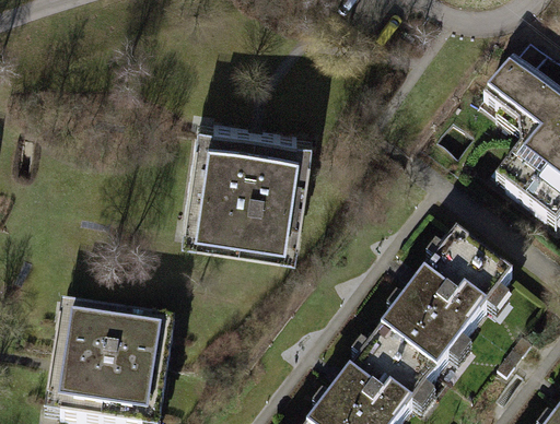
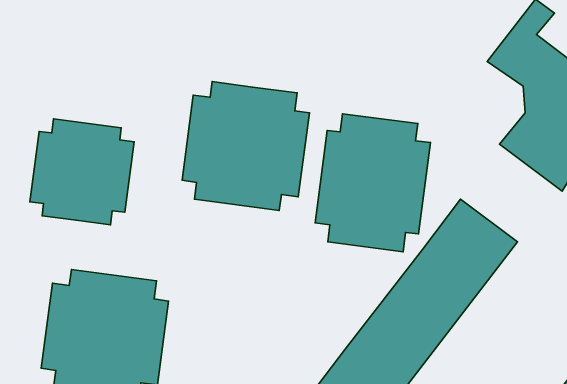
building: none -> [315,114,430,252]
building: none -> [30,119,134,225]

